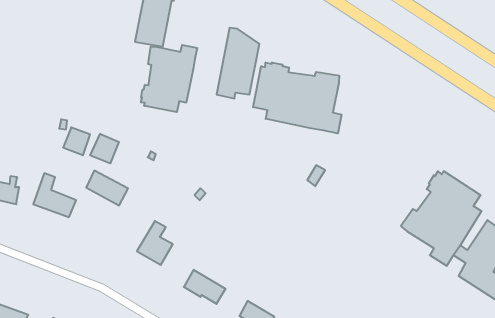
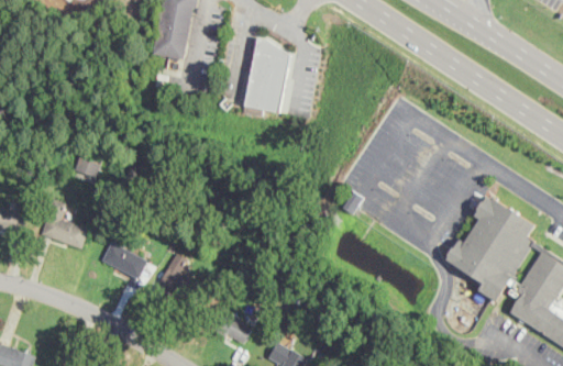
building: [141,45,197,112] -> none
building: [253,62,342,133] -> none
building: [90,134,119,163] -> none
building: [86,171,128,206] -> [101,242,147,280]

